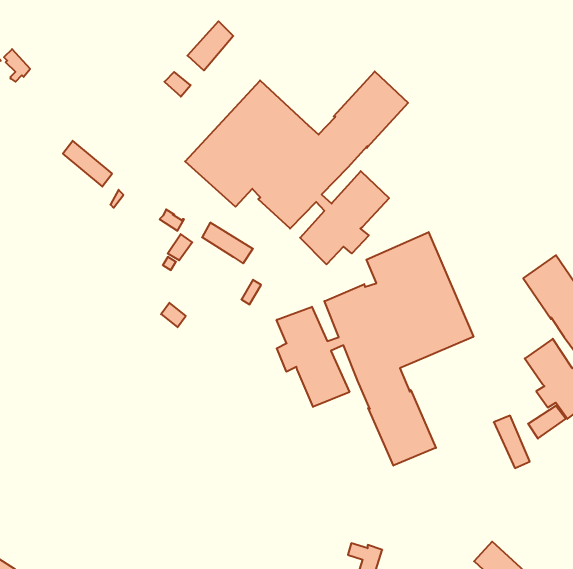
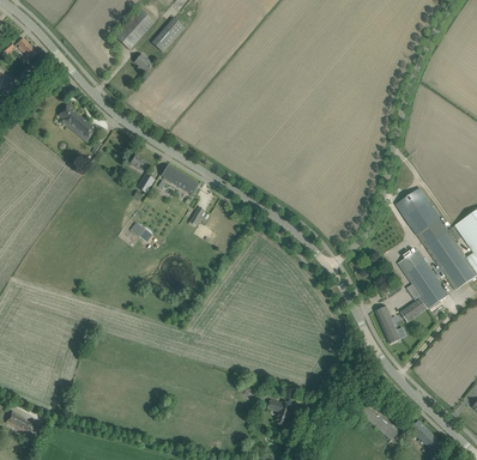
building: none -> [114,7,153,49]
building: [185,71,408,264] -> none
building: [277,232,473,466] -> none

